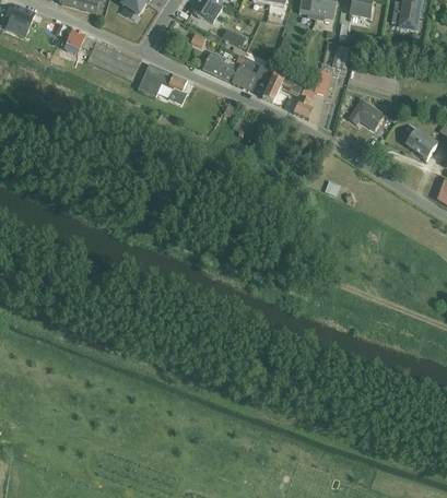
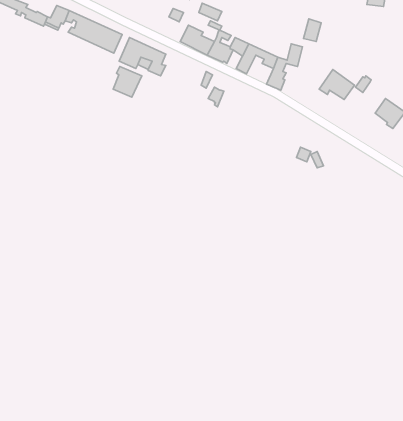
building: none -> [113,67,142,97]

